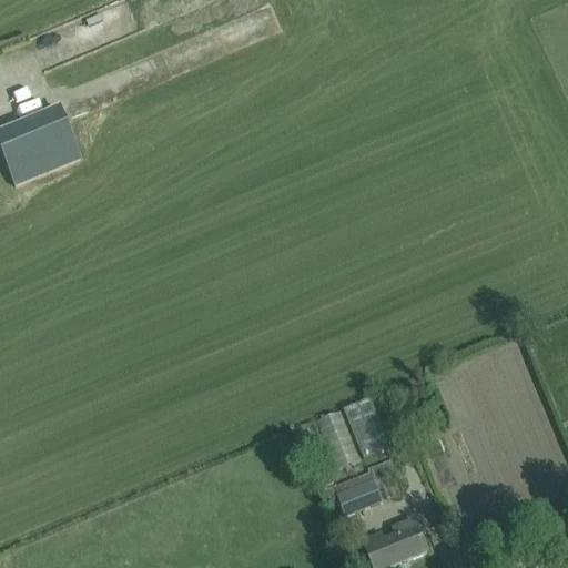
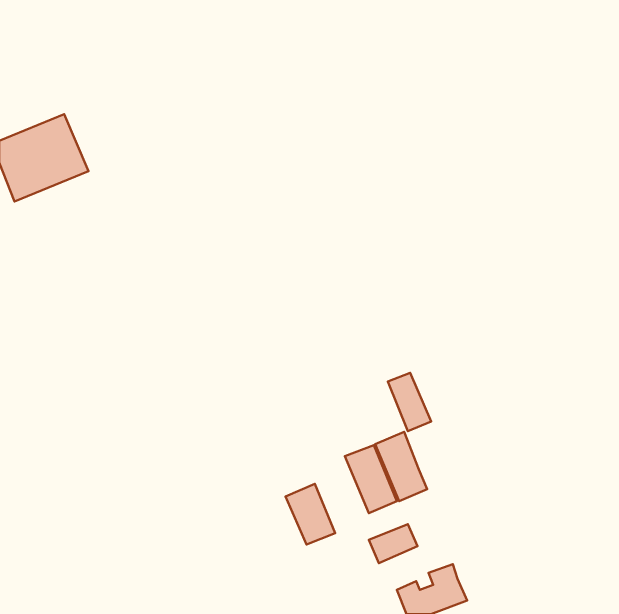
building: none -> [388,373,431,431]
building: none -> [285,484,335,545]

